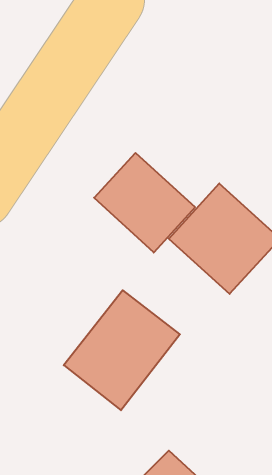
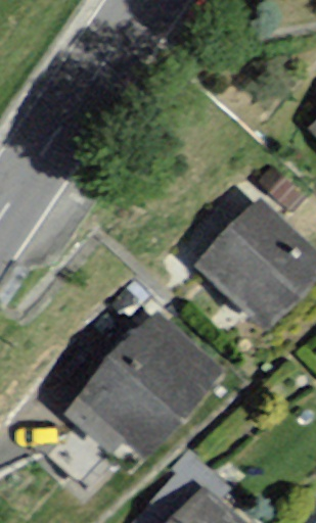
building: [94,153,195,253] -> none

